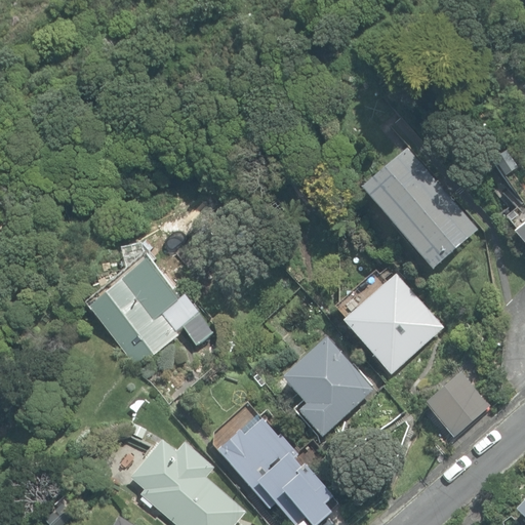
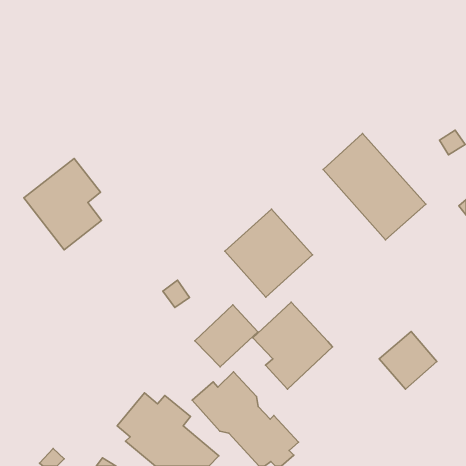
building: [90,264,177,366] -> [24,158,102,250]
building: [344,274,442,372] -> [225,209,313,297]
building: none -> [195,305,258,367]

